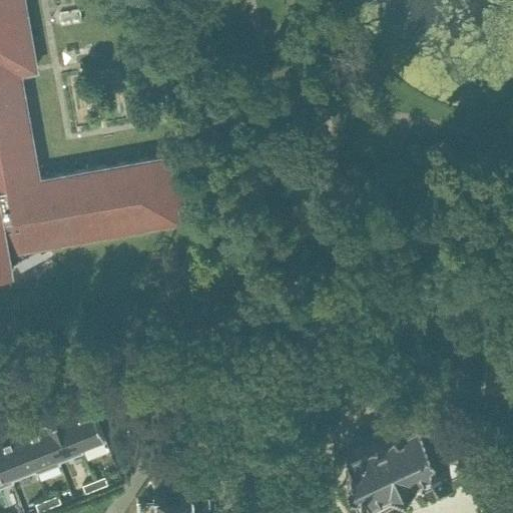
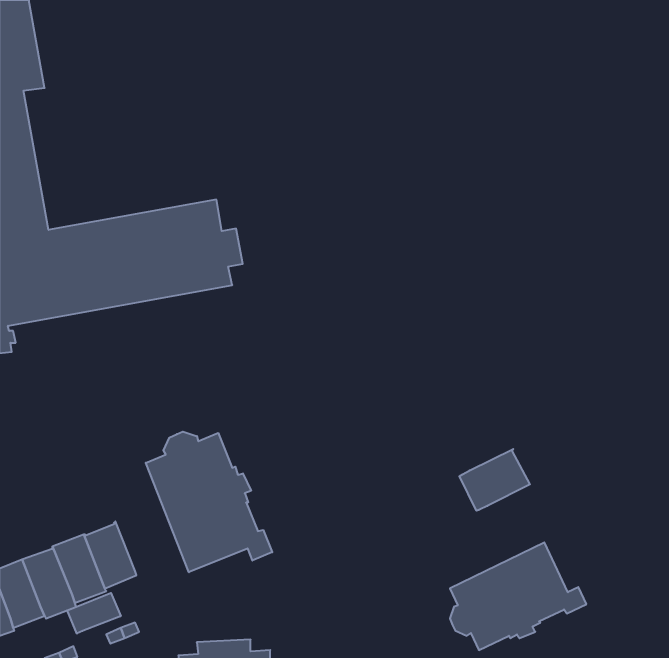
building: none -> [146,432,272,572]
building: none -> [459,449,530,511]
building: none -> [67,593,121,634]

